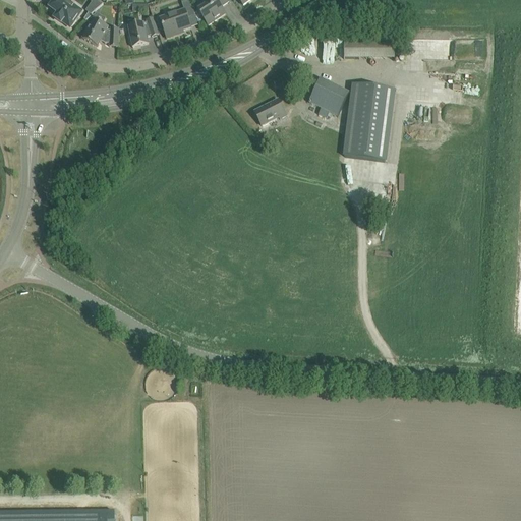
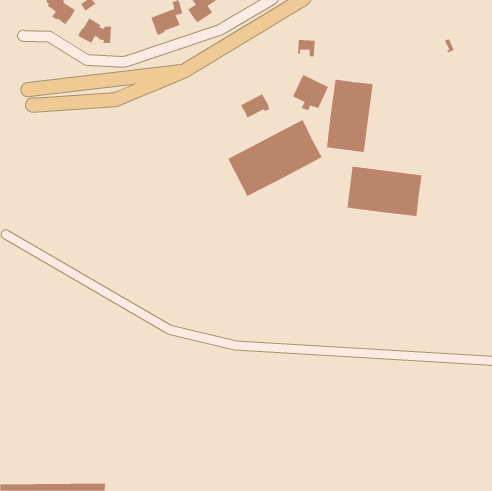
building: [127,17,158,47] -> none
building: [343,33,394,58] -> none
building: none -> [227,119,323,197]
building: none -> [347,166,422,217]

